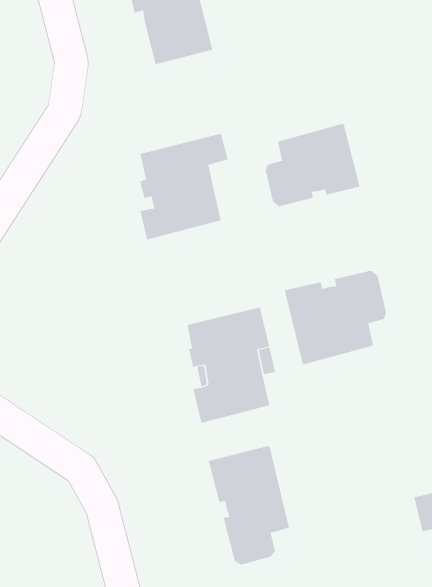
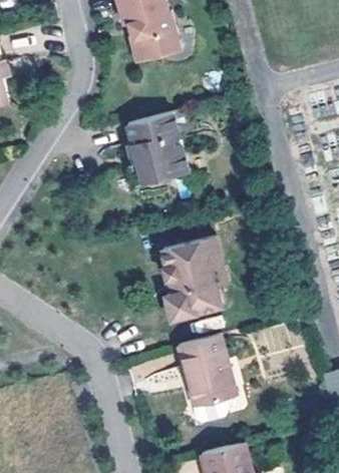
building: [265,123,360,207] -> none
building: [284,270,387,365] -> none

